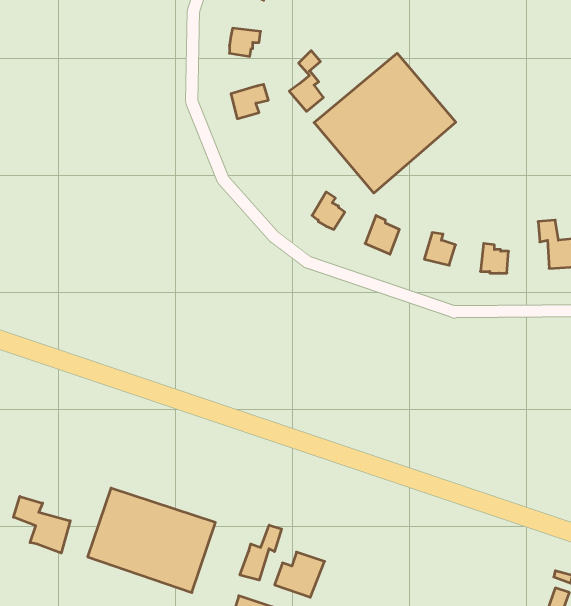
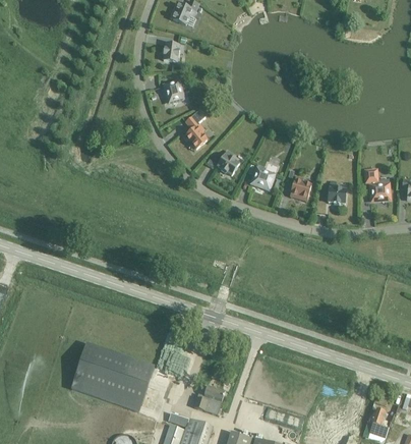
building: [289,51,323,111] -> [185,108,208,148]
building: [314,53,456,193] -> none
building: [13,496,70,553] -> none
building: [240,525,282,580] -> none

